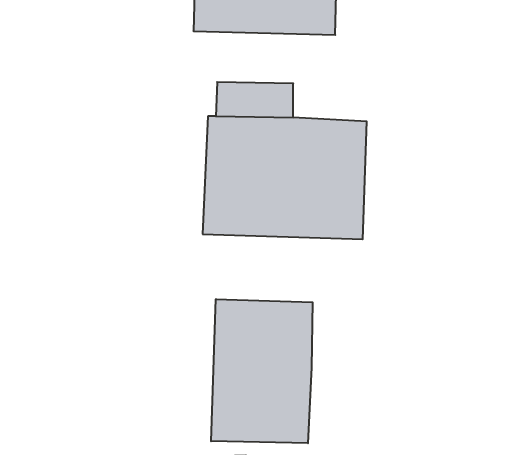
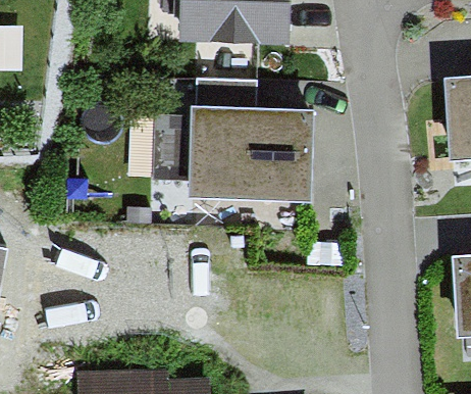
building: [211,299,313,443] -> none

